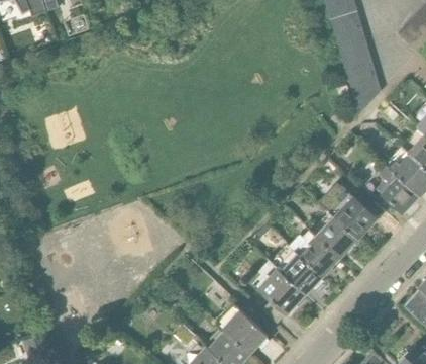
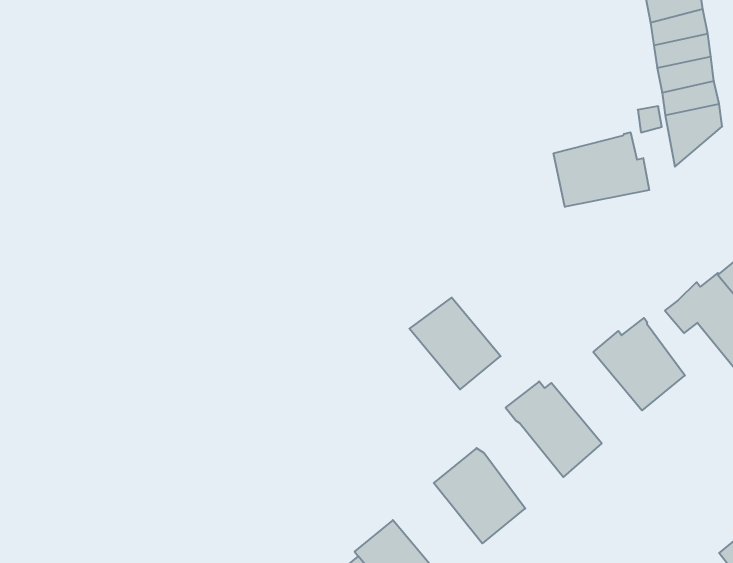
building: none -> [554,132,649,207]
building: [310,213,357,259] -> [409,298,501,389]
building: [281,254,322,296] -> none

